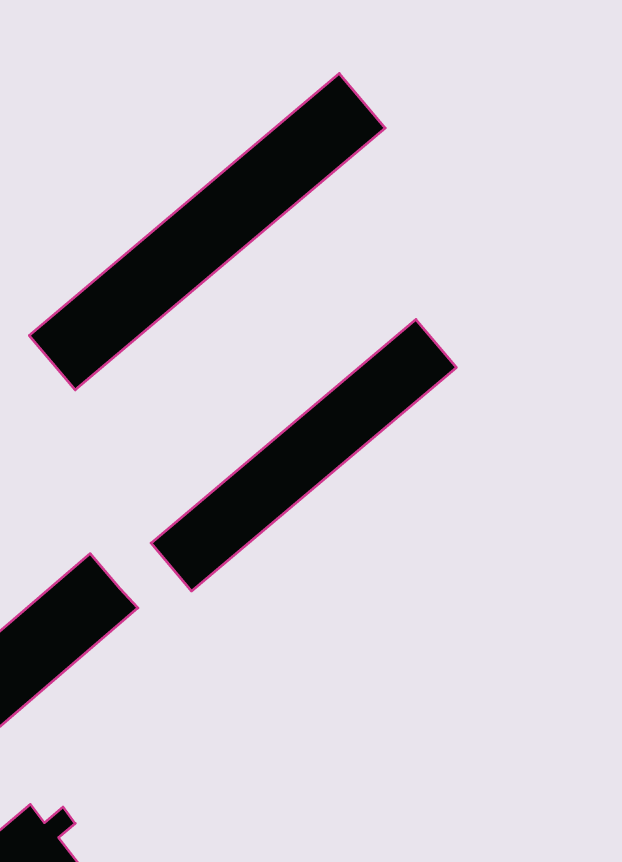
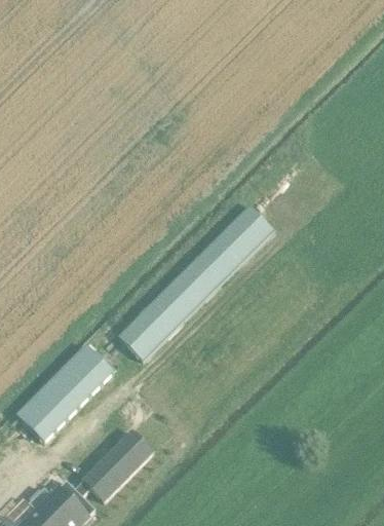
building: [29,73,385,390] -> none
building: none -> [82,429,153,500]

